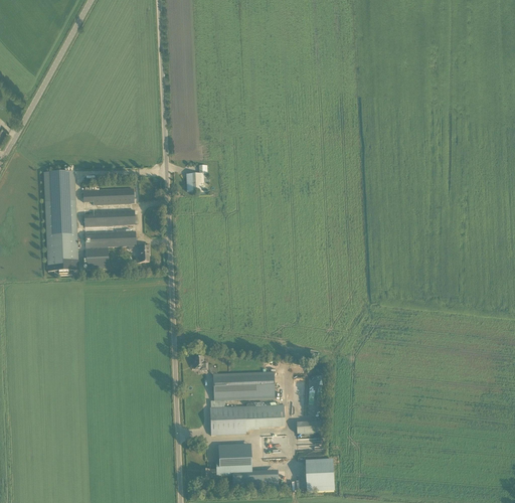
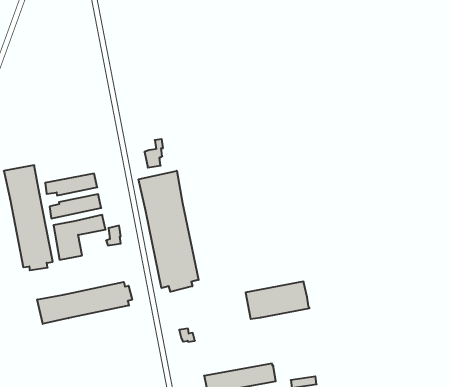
building: none -> [139,171,199,292]
building: none -> [37,282,132,324]
building: [212,371,274,400] -> [246,282,310,319]

